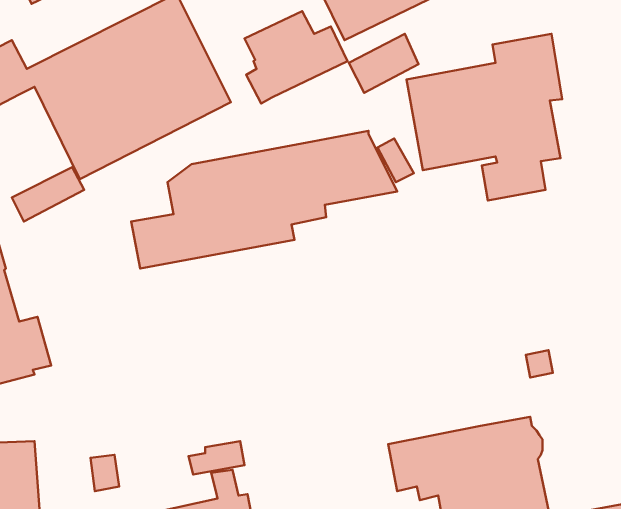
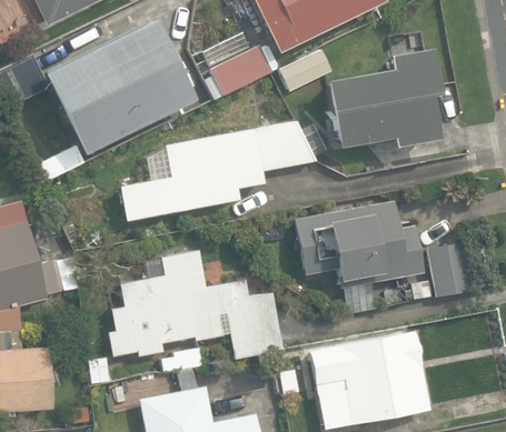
building: none -> [311,200,414,287]
building: none -> [425,242,470,298]
building: none -> [110,250,285,359]

